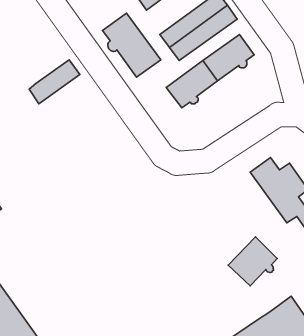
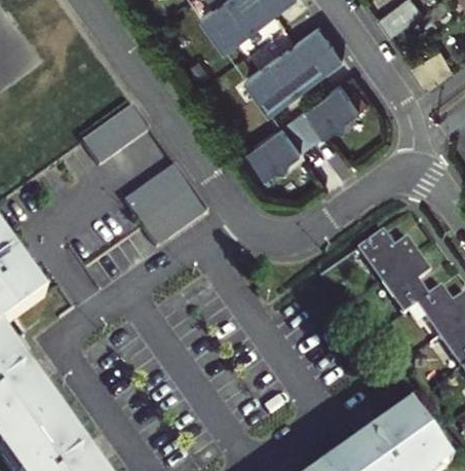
building: [102,13,161,77] -> none
building: none -> [119,164,203,246]
building: [228,237,277,286] -> none

